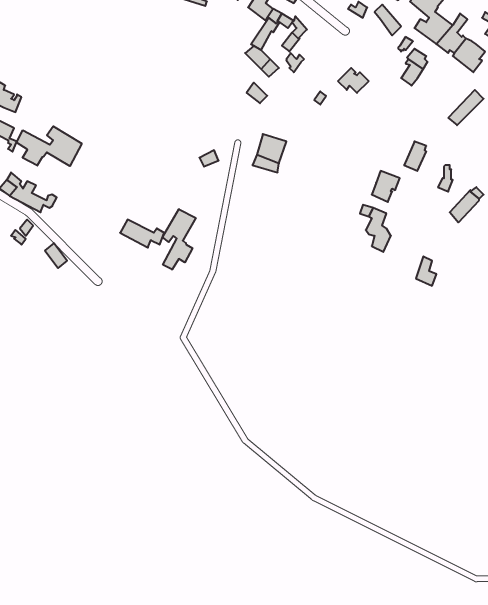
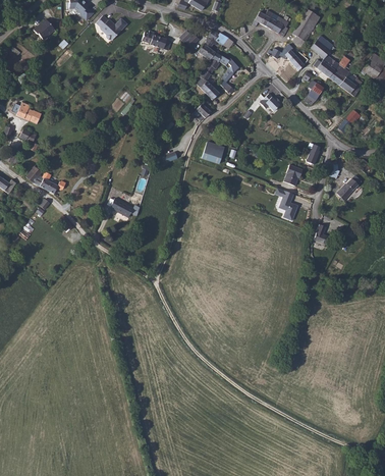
building: [17,126,82,166] -> none
building: [163,209,196,270] -> none

